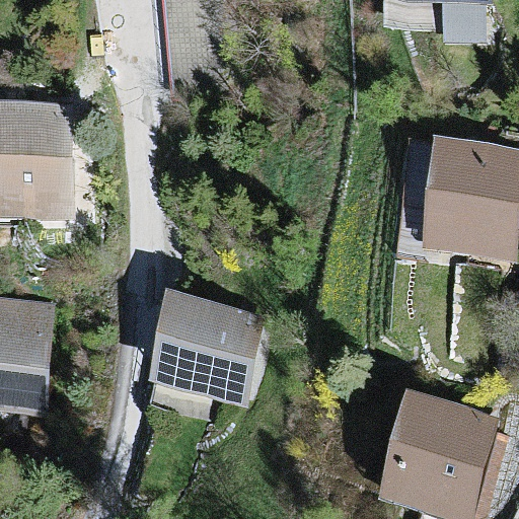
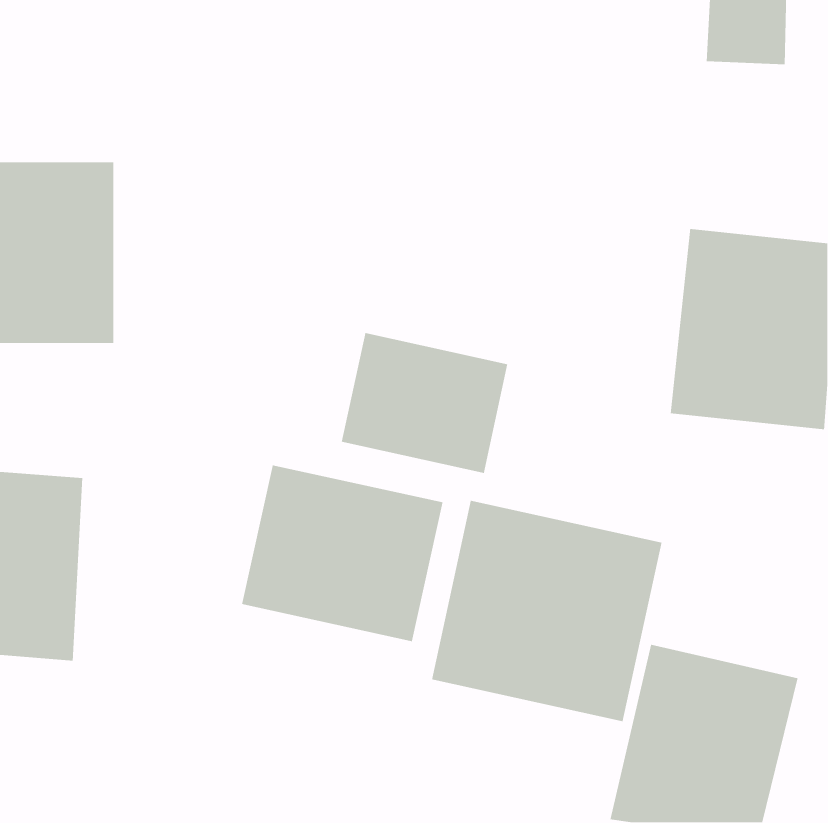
building: none -> [341,332,508,474]
building: none -> [431,500,662,722]

